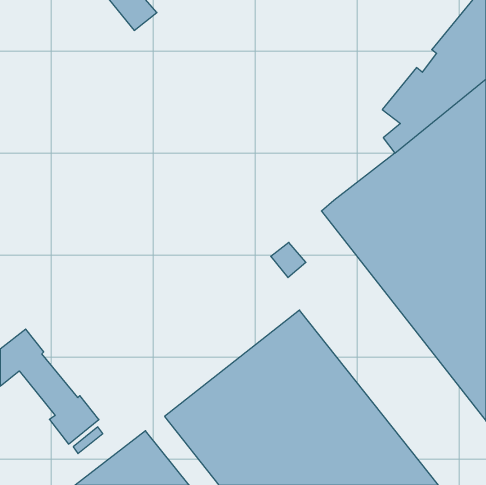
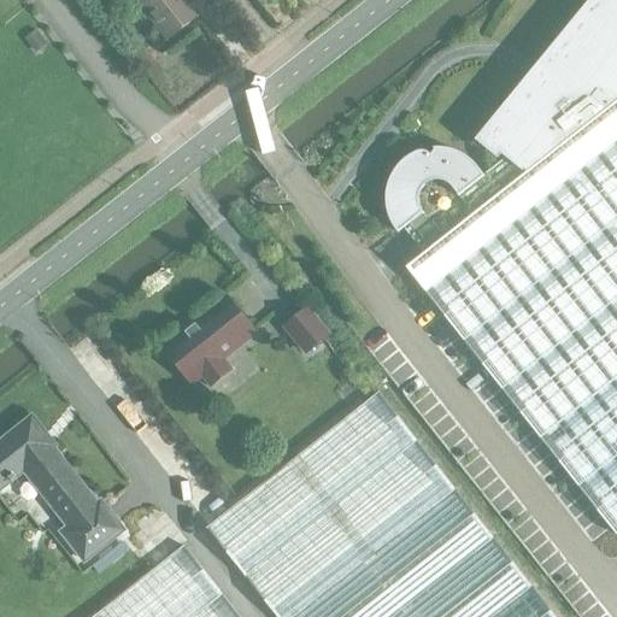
building: none -> [387,147,500,254]
building: none -> [165,300,255,388]
building: [271,242,306,278] -> [284,308,329,353]

